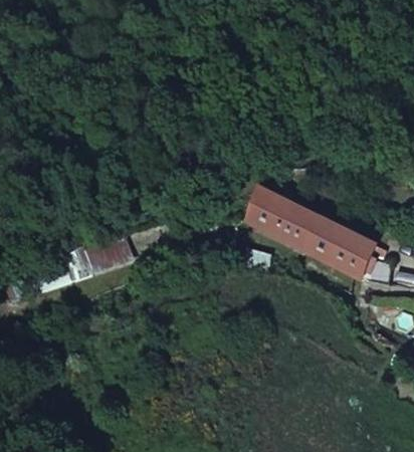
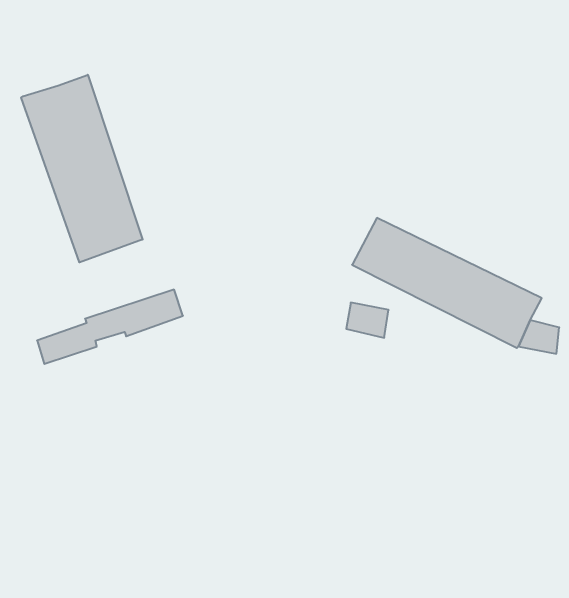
building: none -> [21,75,143,262]

